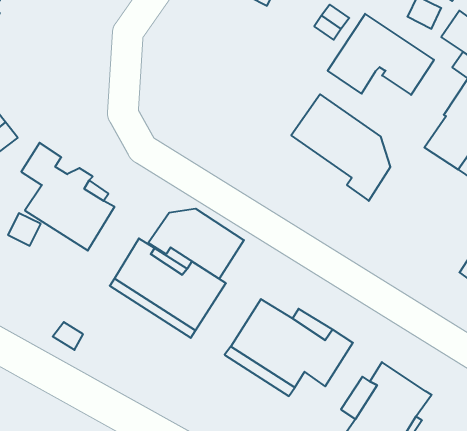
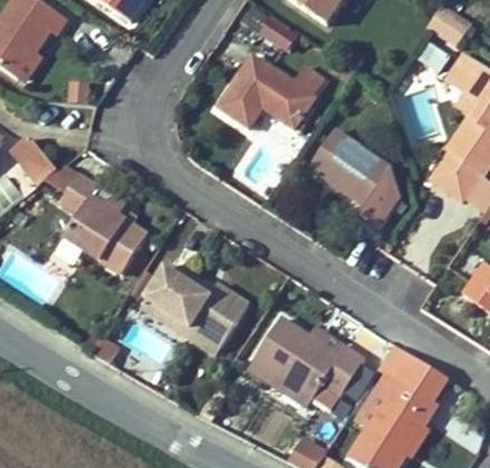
building: [328,14,434,95] -> [218,53,316,128]
building: [148,209,244,279] -> none
building: none -> [379,342,448,401]

